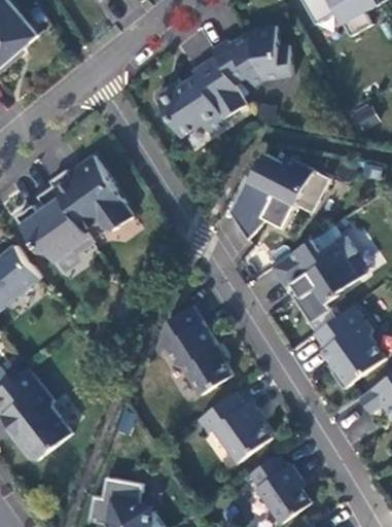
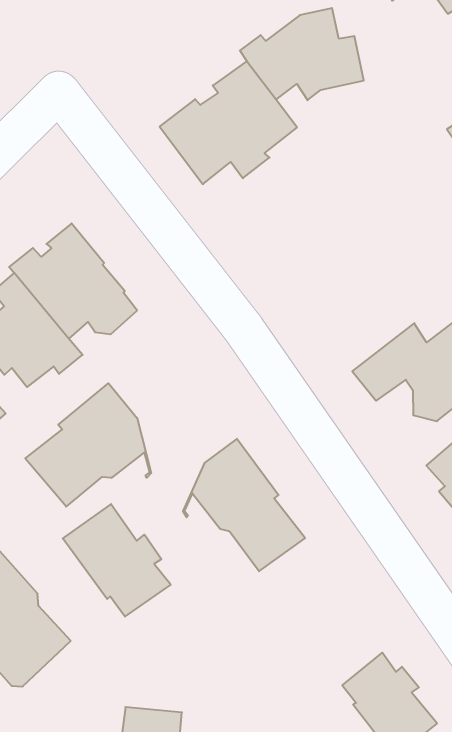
building: [228,153,329,240] -> none
building: none -> [25,383,151,507]
building: none -> [63,504,171,617]
building: [197,391,271,462] -> none

